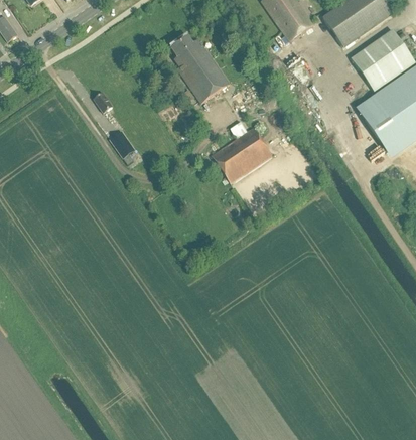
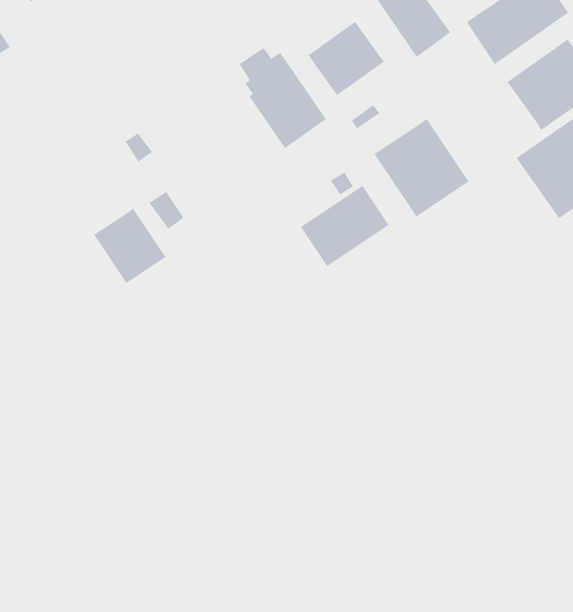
building: none -> [307,21,385,96]
building: none -> [374,118,469,218]
building: none -> [93,207,166,284]

